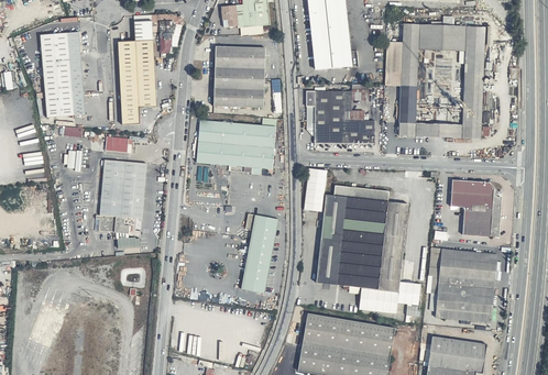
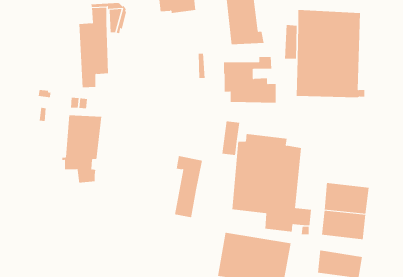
building: [40,31,86,115] -> none
building: [212,45,264,108] -> none
building: [196,119,275,169] -> none
building: [449,179,501,236] -> none

